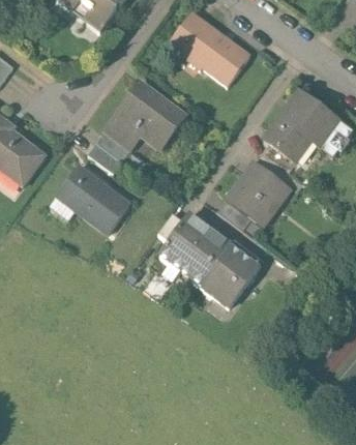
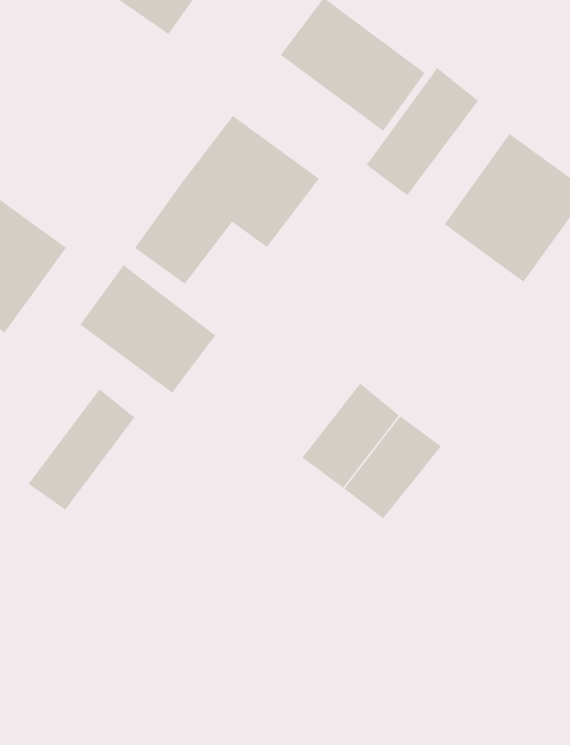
building: none -> [366,67,479,196]
building: [225,159,295,229] -> none
building: [157,211,213,271] -> none
building: none -> [28,388,135,510]

